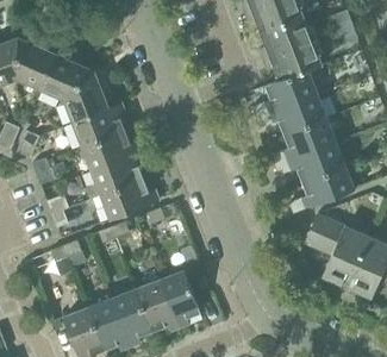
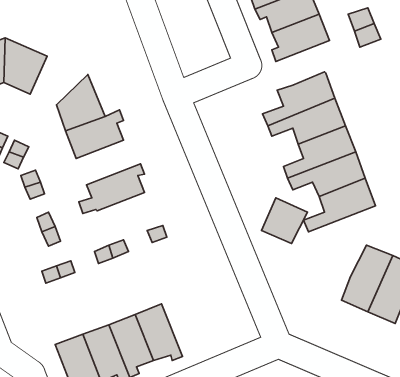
building: [263,40,322,81] -> none
building: [40,55,93,99] -> none
building: [82,131,141,171] -> none
building: [101,178,158,219] -> none
building: [304,213,345,255] -> [261,198,307,244]
building: [160,270,201,327] -> none

